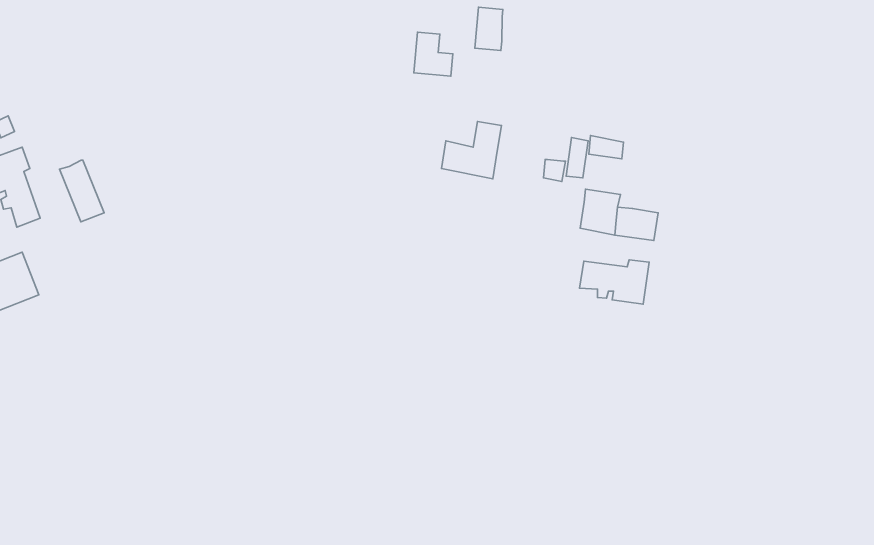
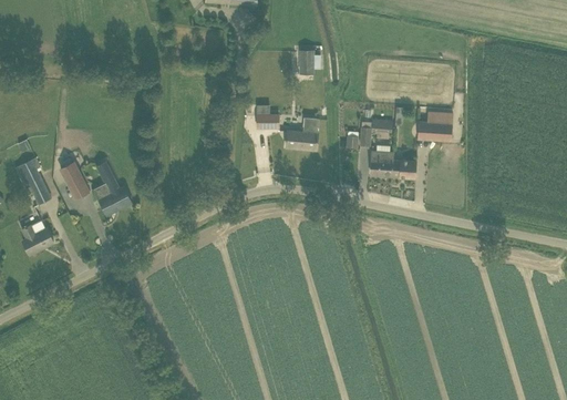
building: [414,32,453,76] -> [256,103,278,127]
building: none -> [417,120,451,139]
building: none -> [95,160,131,215]
building: [580,260,649,304] -> none

